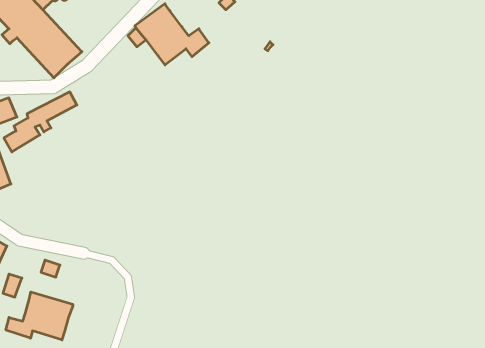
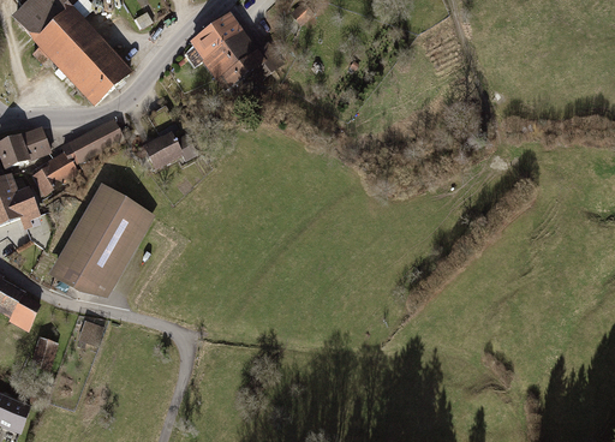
building: none -> [143,132,195,167]
building: none -> [53,187,144,292]
building: [6,292,73,340] -> none

